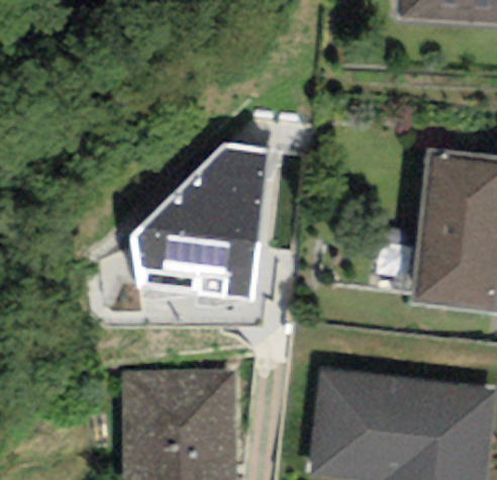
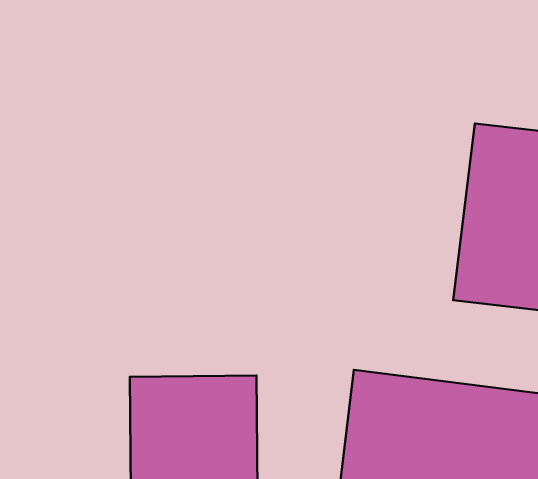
building: [130,141,268,302] -> none

